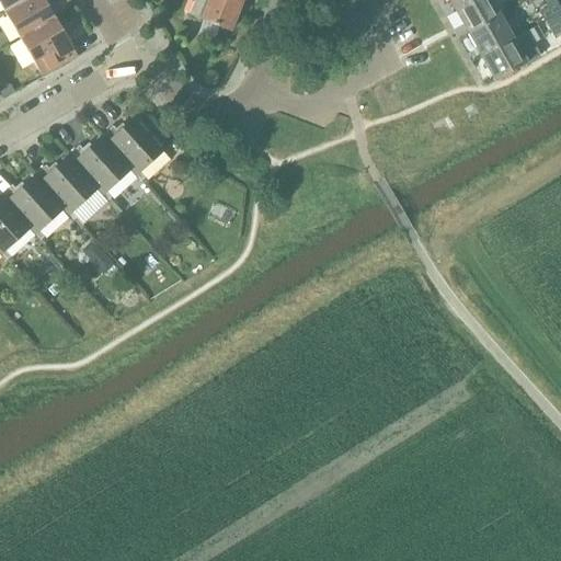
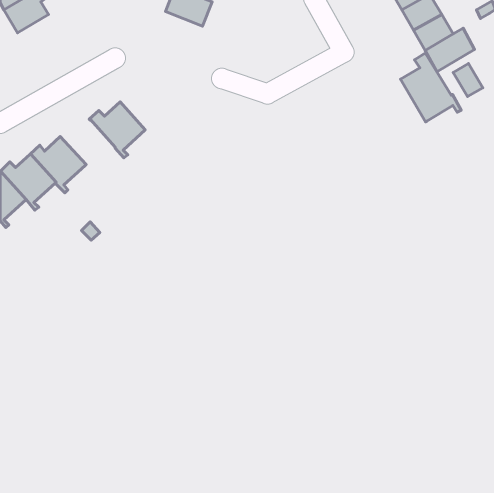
building: [21,16,78,76] -> none
building: none -> [400,53,461,122]
building: none -> [453,63,483,96]
building: [68,135,131,198] -> none

